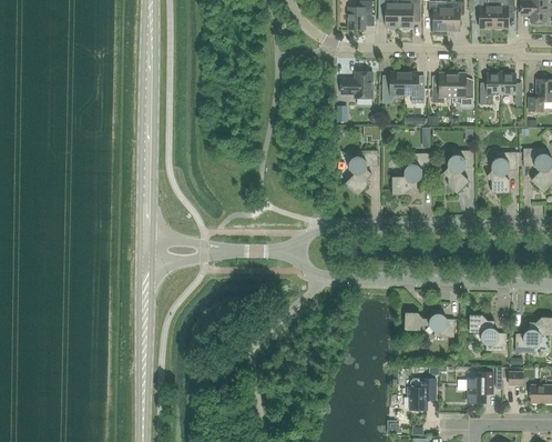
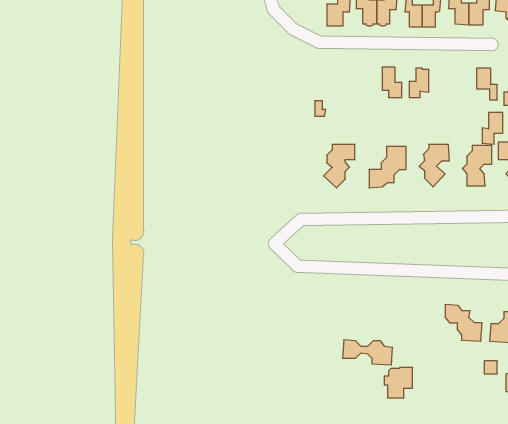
building: [340,71,372,98] -> none
building: [382,71,405,102] -> none
building: [452,72,473,106] -> none
building: [480,72,501,104] -> [482,113,503,144]
building: [403,311,454,336] -> [343,340,393,365]
building: [468,372,493,402] -> none

